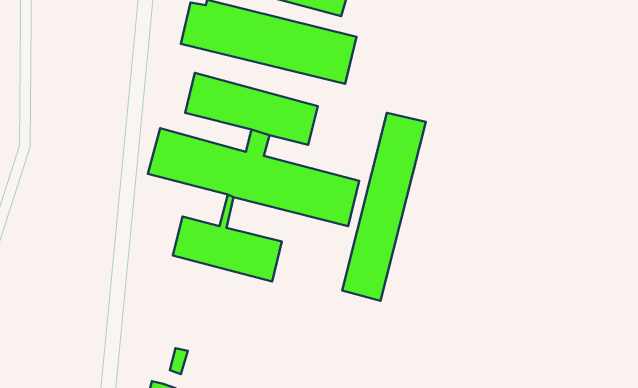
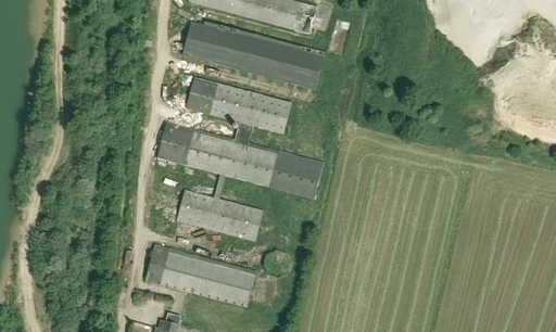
building: [342,113,426,301] -> none
building: none -> [146,245,256,307]

